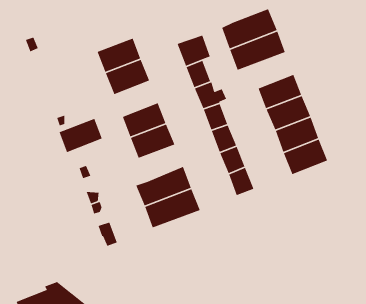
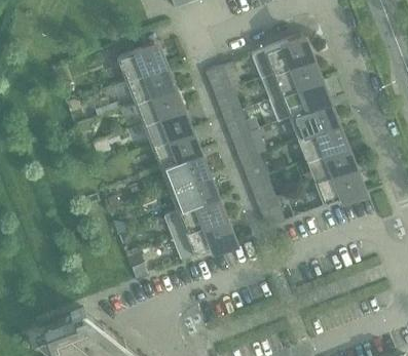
building: none -> [118,44,164,81]
building: none -> [270,82,328,122]
building: [58,118,103,153] -> [145,111,190,147]
building: none -> [170,175,216,212]

